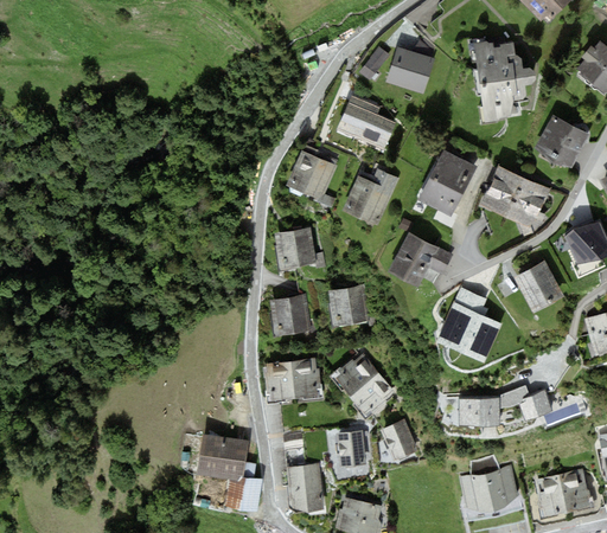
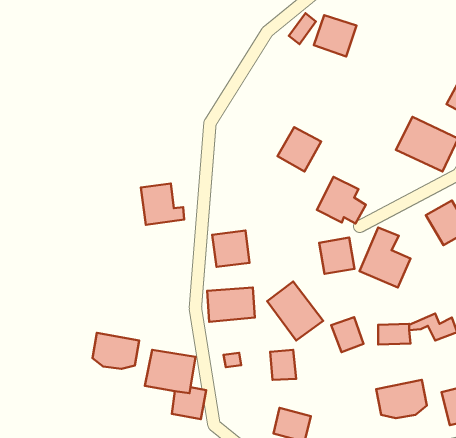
building: [475,50,532,121] -> none
building: [336,98,396,153] -> none
building: [418,149,477,216] -> none
building: [294,154,338,201] -> none
building: [275,227,325,275] -> [141,183,184,225]
building: [330,284,370,326] -> [319,238,354,274]
building: none -> [92,333,139,369]
building: [379,420,416,461] -> [331,317,363,352]
building: [287,464,322,509] -> none

